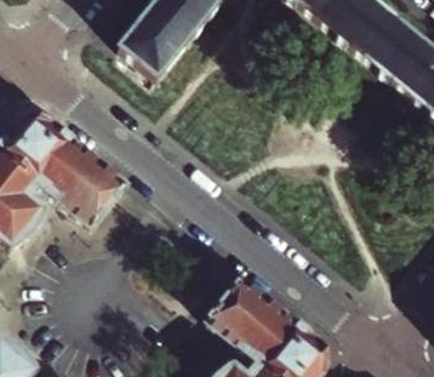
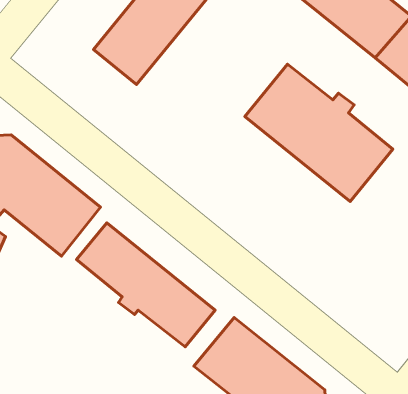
building: none -> [245,64,393,201]
building: none -> [77,223,215,347]

